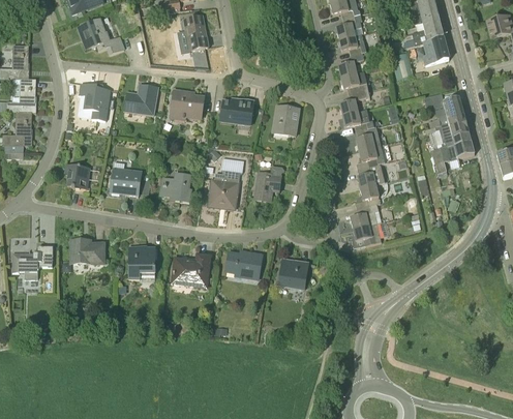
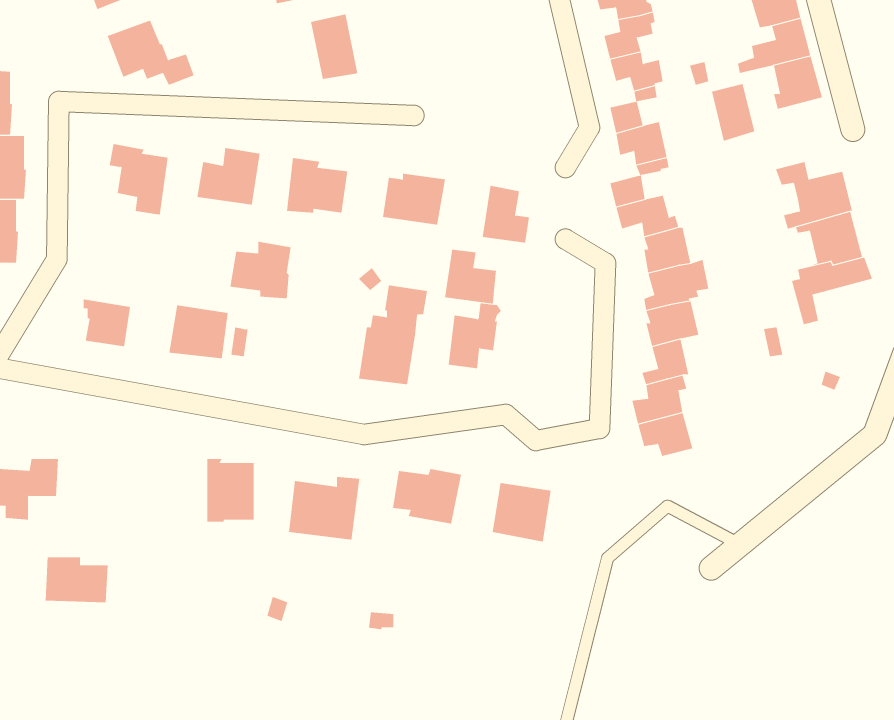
building: none -> [444,249,496,304]
building: [159,172,191,202] -> [230,241,292,299]
building: [70,240,103,264] -> [45,557,109,603]

